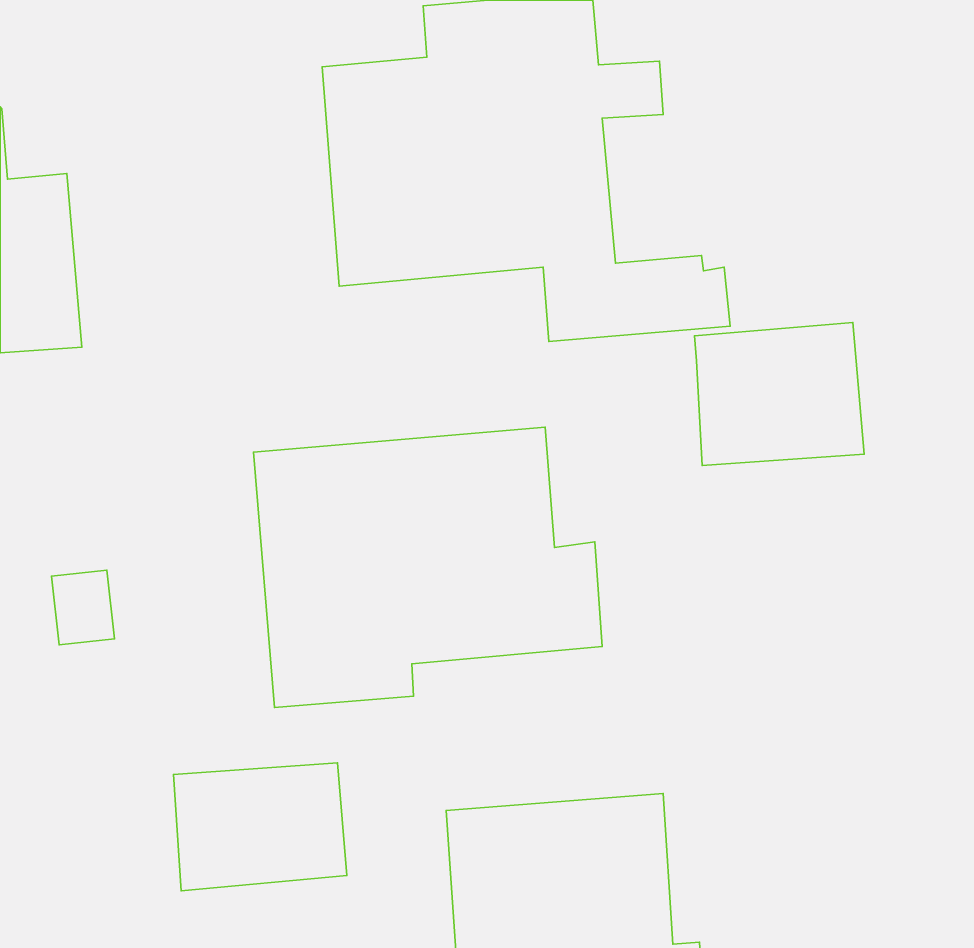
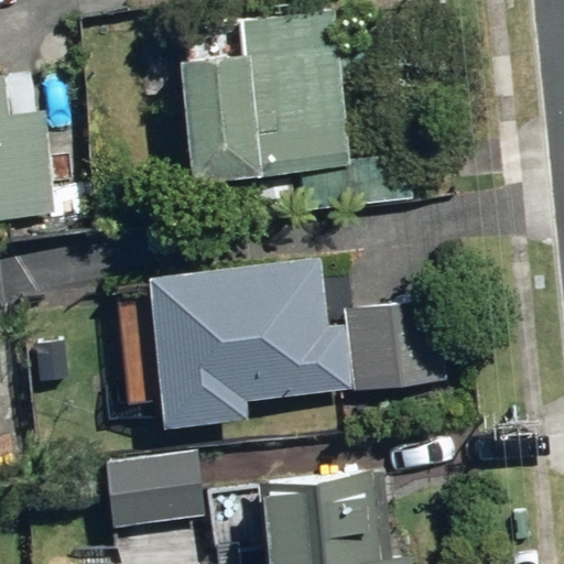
building: [695,323,864,466] -> [355,306,453,389]

